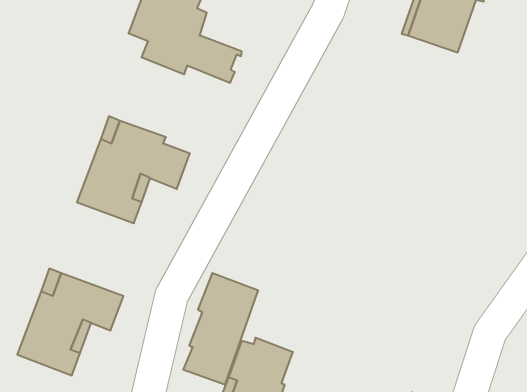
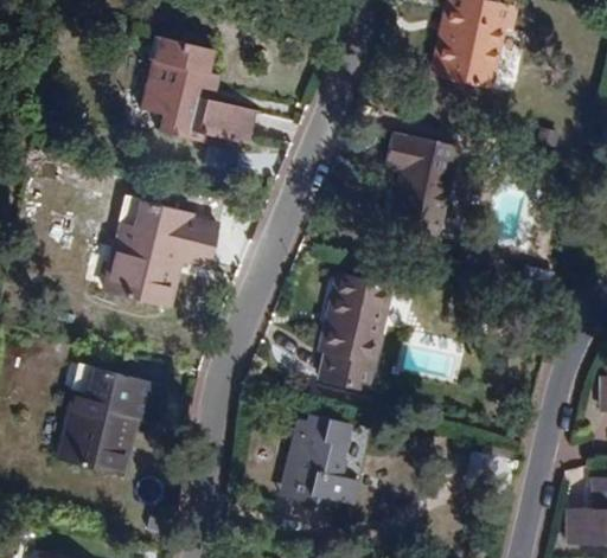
building: none -> [385,135,458,237]
building: [183,273,258,384] -> [320,272,390,389]

